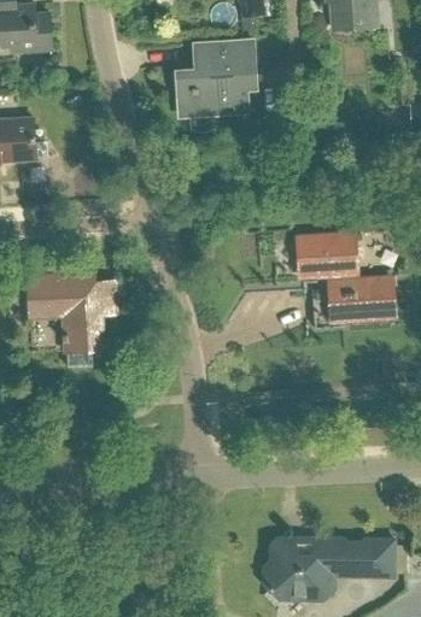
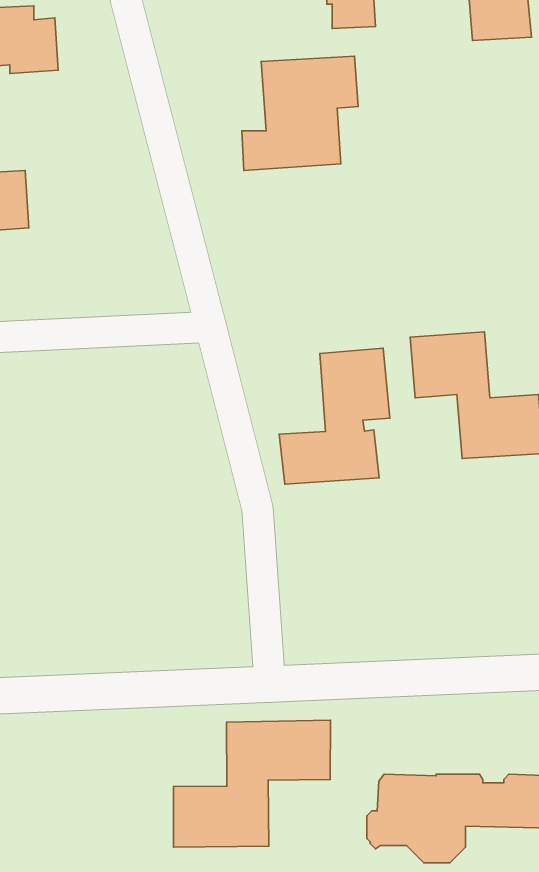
building: none -> [279,348,390,484]
building: [24,272,115,369] -> none
building: none -> [174,720,330,847]

